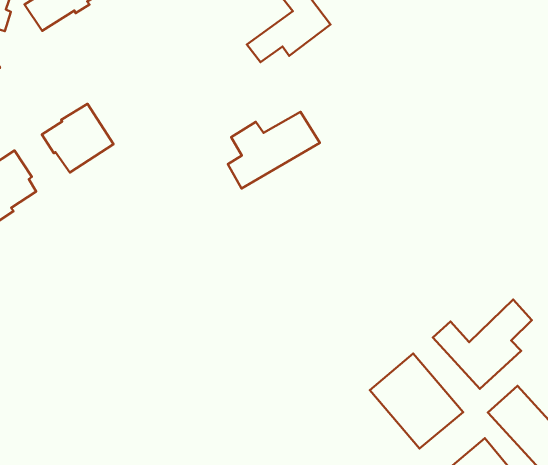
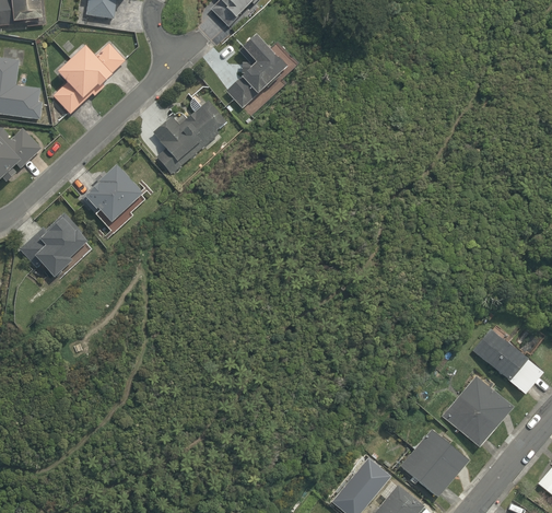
building: [228,112,320,189] -> [156,106,227,175]
building: [433,300,532,389] -> none
building: [370,354,463,449] -> none

